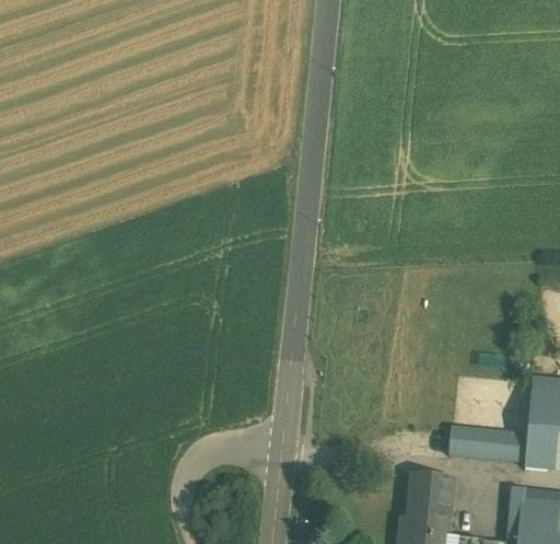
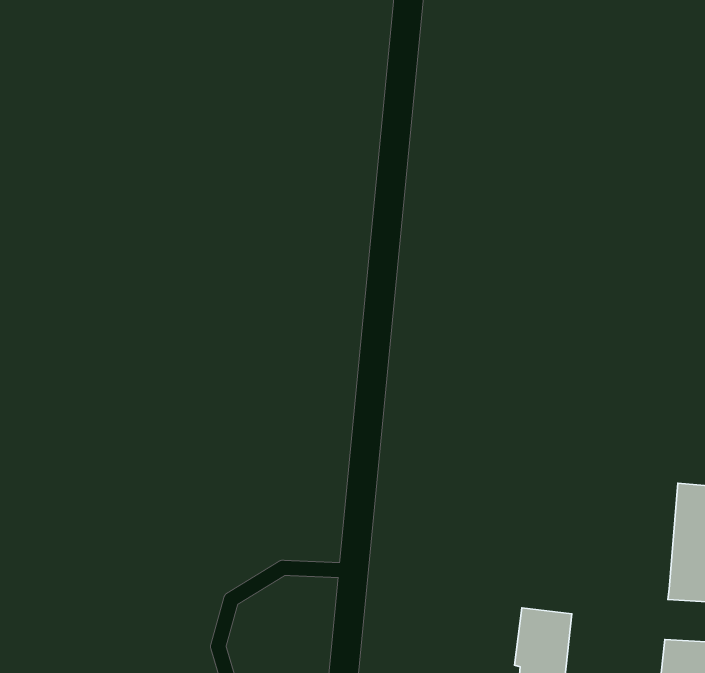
building: [450,426,528,459] -> none

